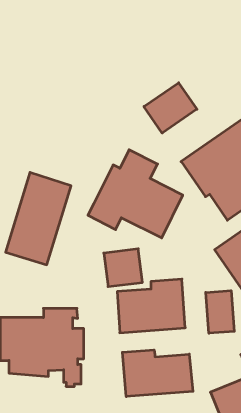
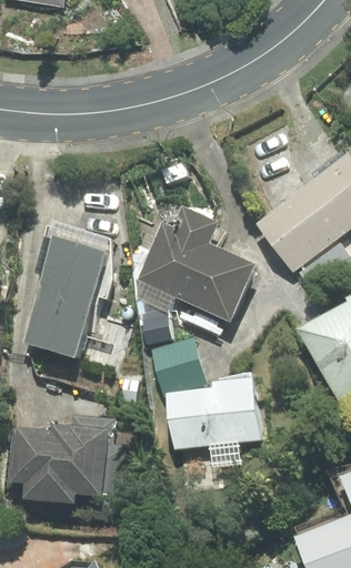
building: [144,83,197,133] -> none
building: [206,291,234,333] -> none
building: [122,350,193,397] -> none

